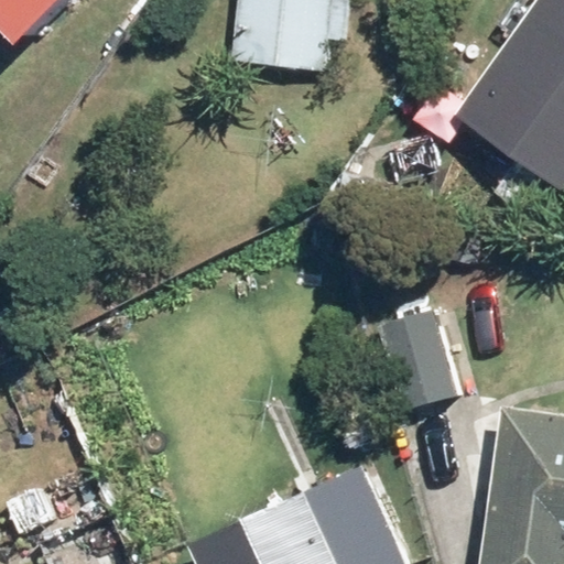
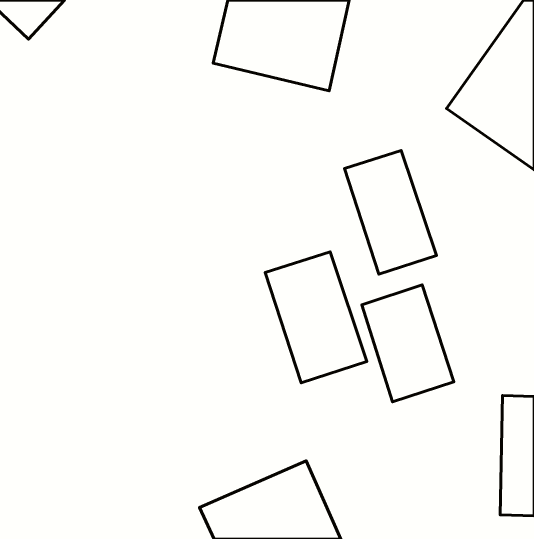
building: none -> [344,151,436,274]
building: none -> [265,252,367,383]

